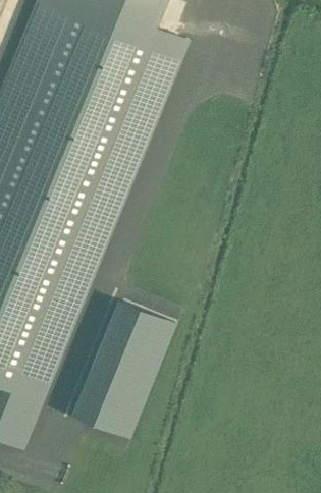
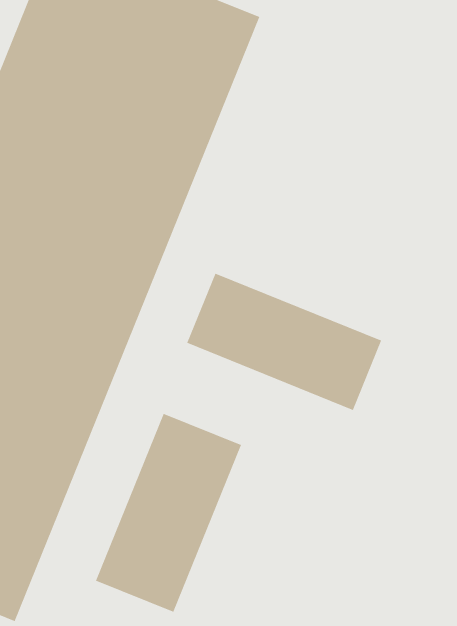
building: none -> [186,273,382,411]

